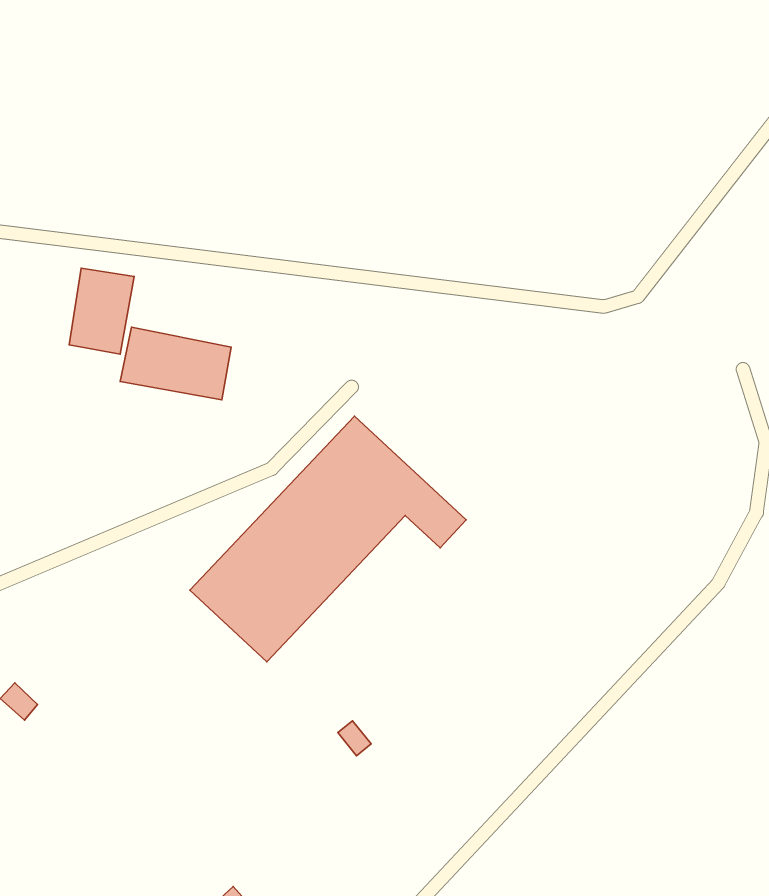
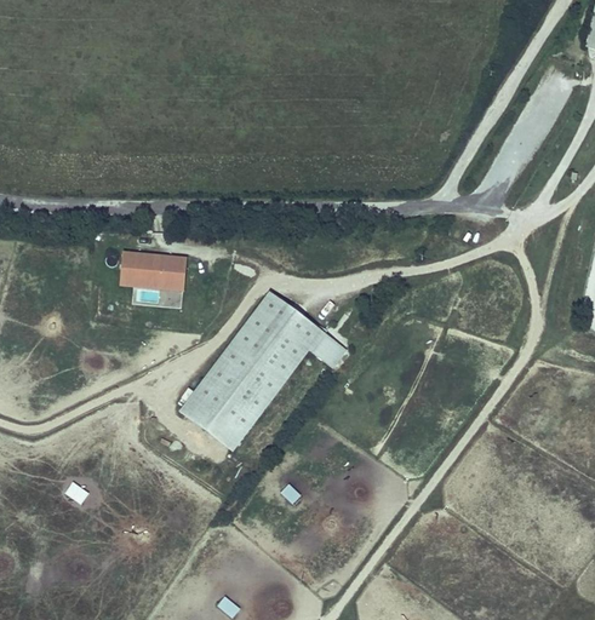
building: [69,268,134,354] -> none

